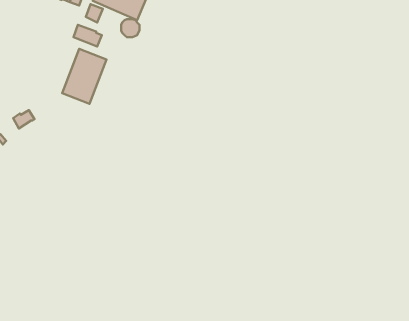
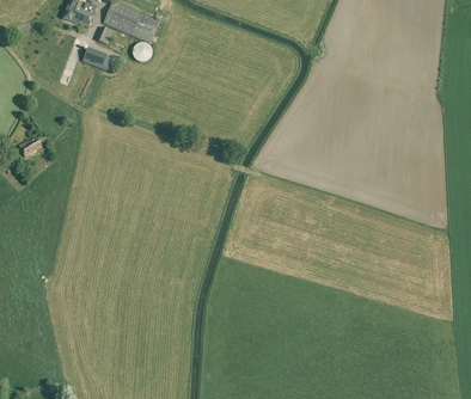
building: [62,49,106,104] -> none

